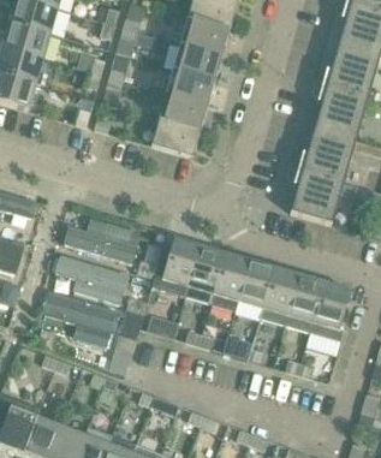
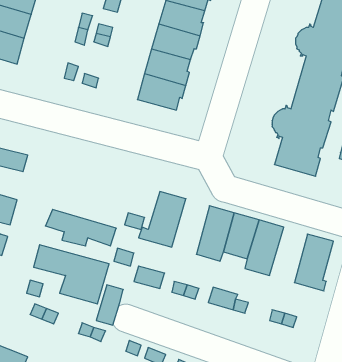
building: [62,222,136,263] -> none
building: [185,246,224,303] -> none
building: [285,275,323,332] -> none

